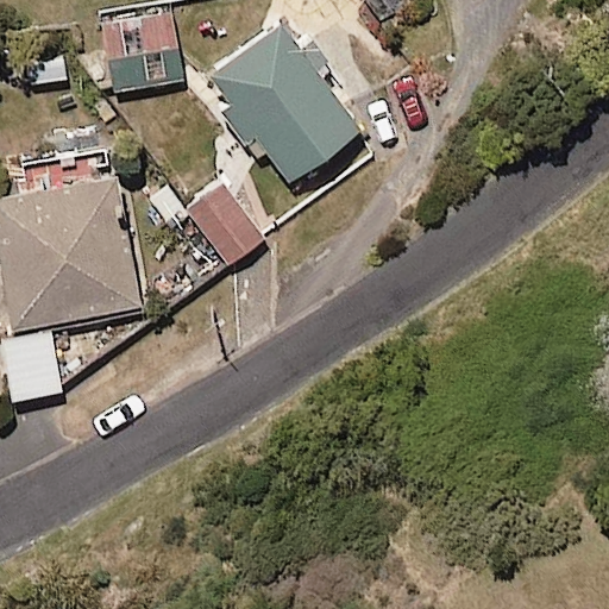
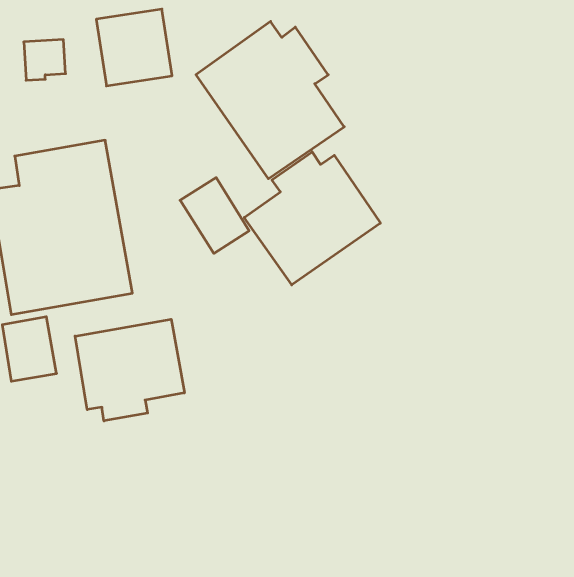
building: none -> [244,152,380,285]
building: none -> [75,319,184,421]

